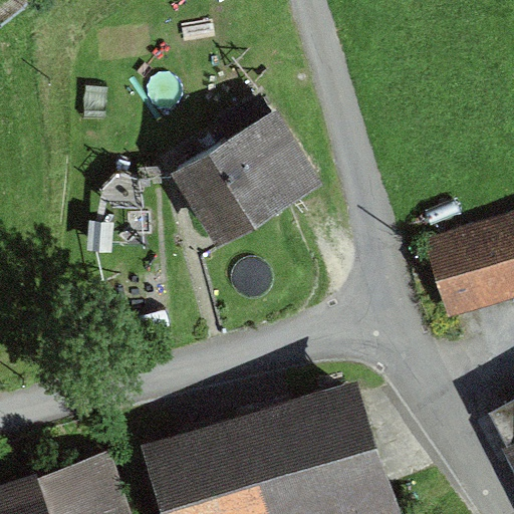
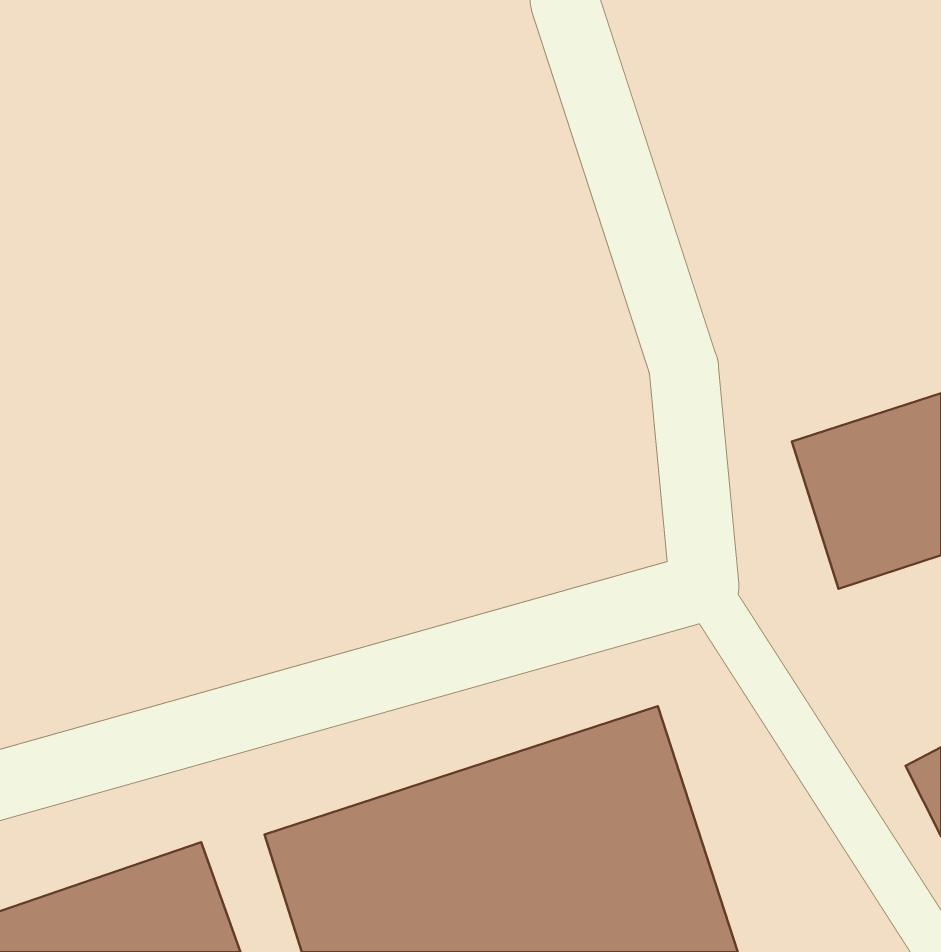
building: [171,106,323,245] -> none

